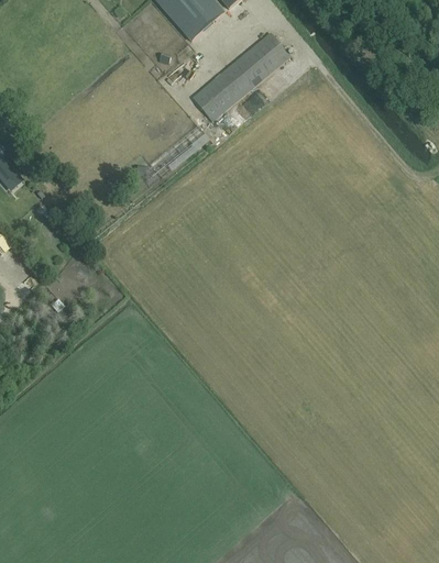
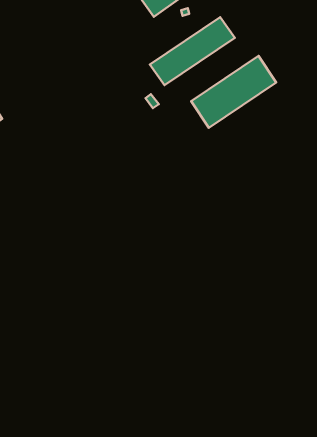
building: none -> [191,56,276,128]

